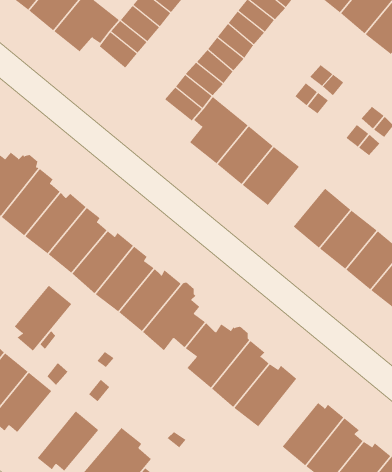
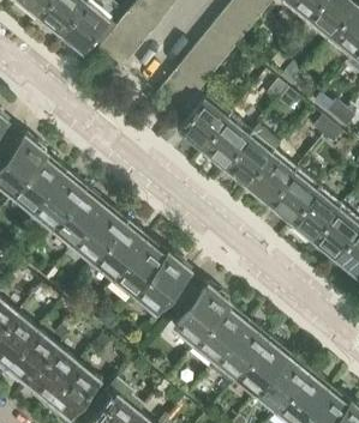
building: none -> [245,152,294,204]
building: [14,285,72,351] -> [28,346,78,404]
building: none -> [237,336,288,394]

